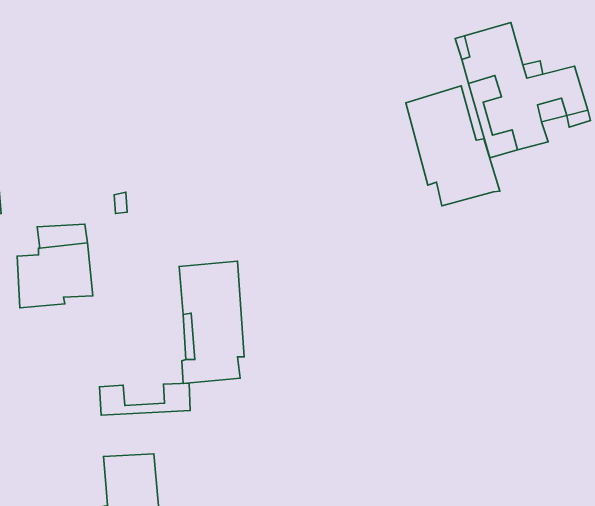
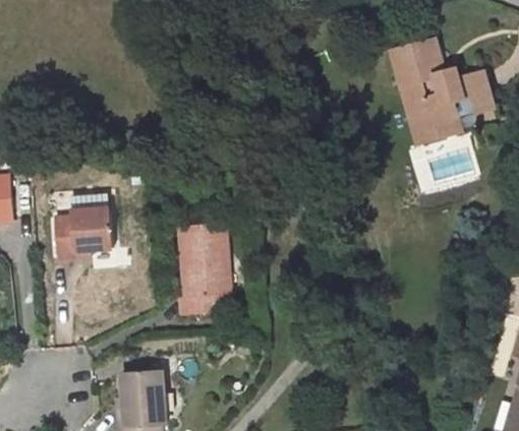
building: [406,86,500,206] -> none
building: [99,383,190,415] -> none

